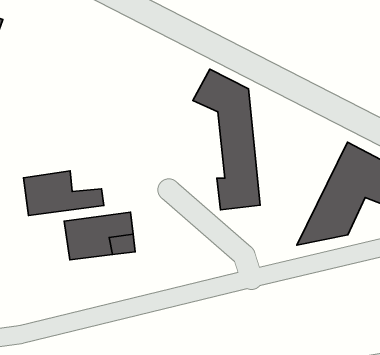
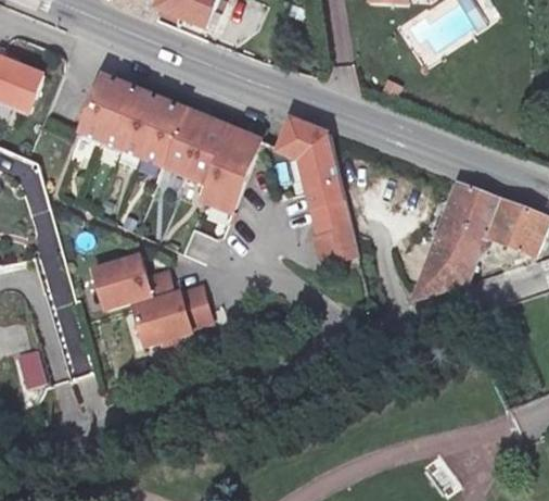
building: none -> [79,74,261,209]

